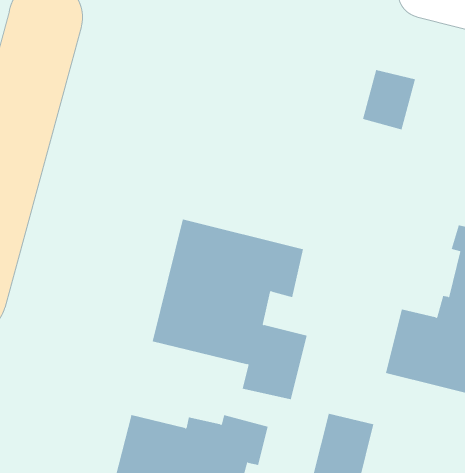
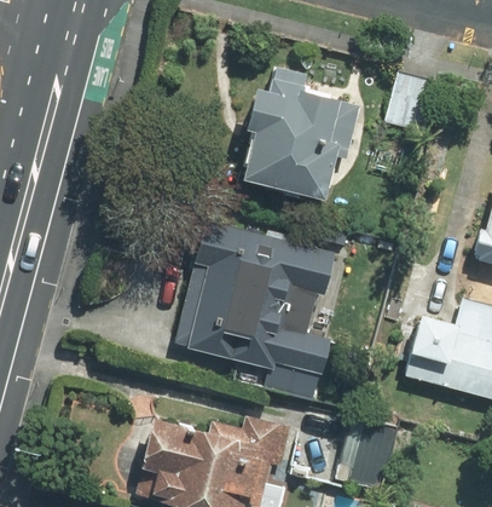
building: none -> [243,57,367,202]

